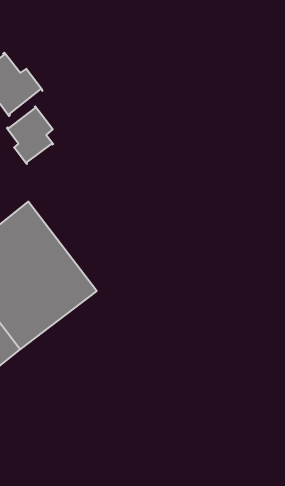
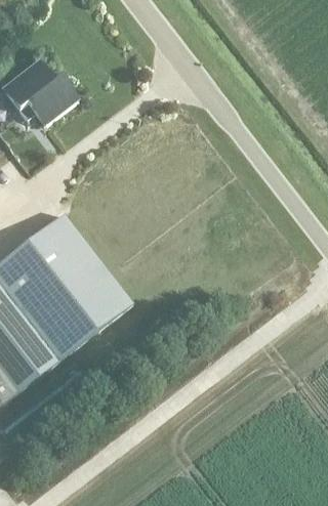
building: [7,106,53,164] -> none

